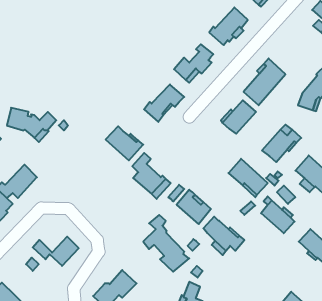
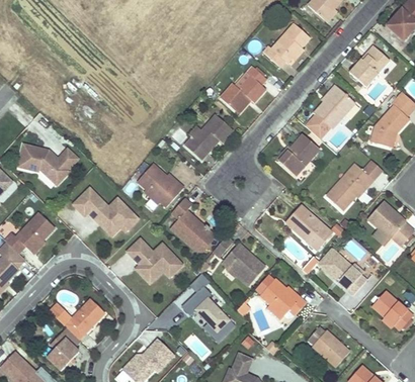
building: none -> [348,45,390,88]
building: none -> [73,187,138,236]
building: none -> [127,238,182,277]
building: none -> [308,326,349,367]
building: none -> [48,328,81,371]

